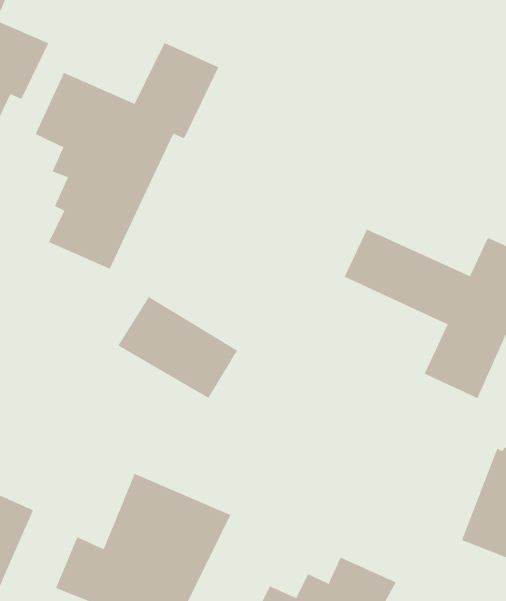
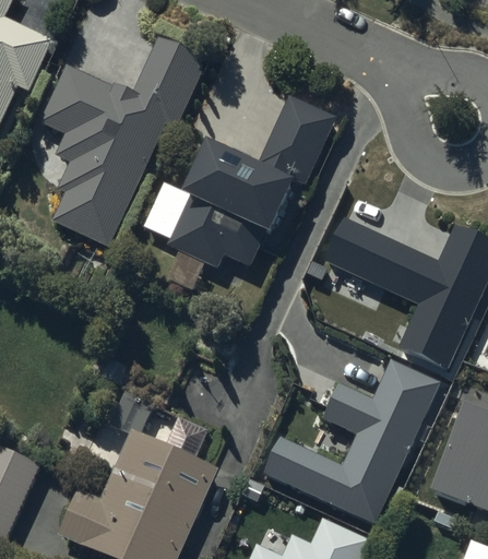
building: none -> [143,97,337,270]
building: [117,296,238,399] -> none
building: none -> [262,349,439,516]

